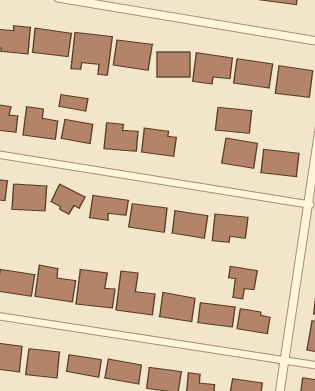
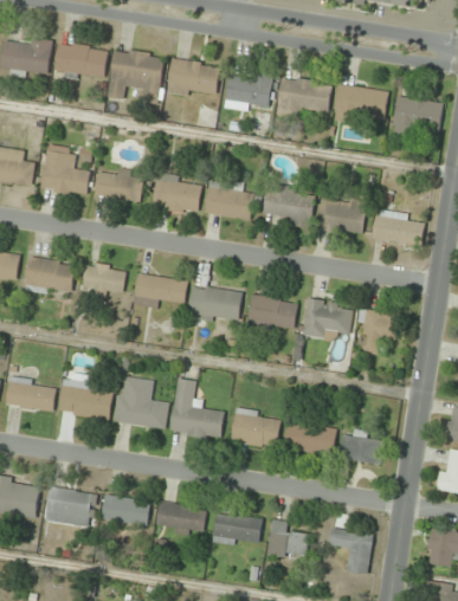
building: [59,94,88,111] -> none
building: [215,108,252,133] -> [264,187,315,222]
building: [228,266,257,299] -> [359,309,399,354]

